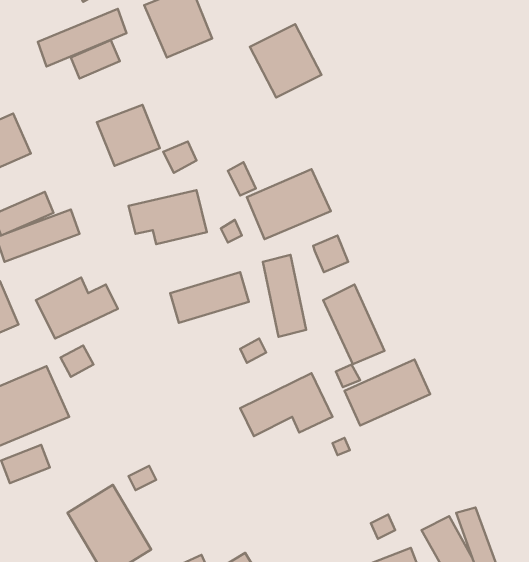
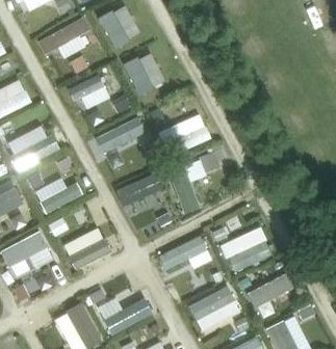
building: [250,24,321,98] -> [123,51,165,95]
building: [323,284,385,364] -> none
building: none -> [63,229,110,269]
building: none -> [245,273,292,306]
building: none -> [187,285,240,331]
building: none -> [96,298,152,337]

